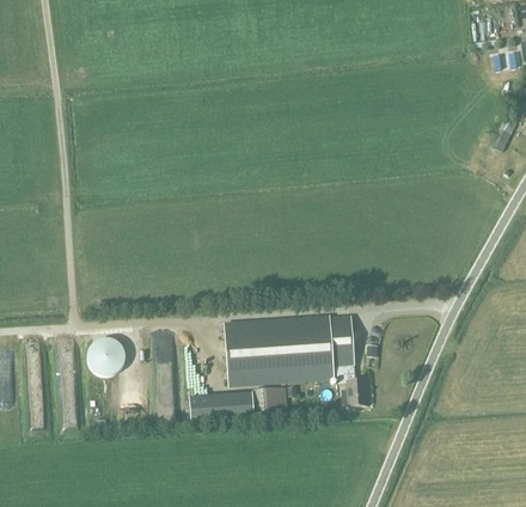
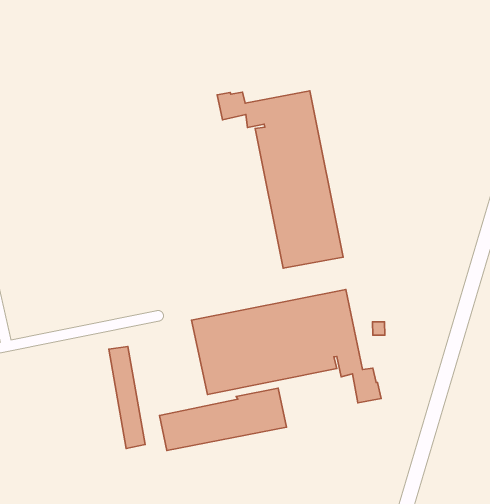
building: none -> [217,91,343,268]
building: [87,336,126,374] -> none

